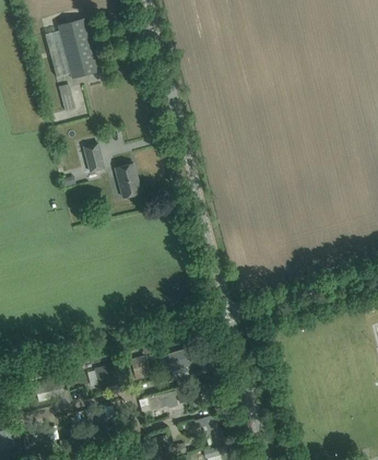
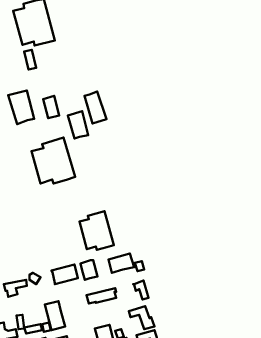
building: none -> [8,90,34,124]
building: none -> [84,91,107,123]
building: none -> [31,138,75,183]
building: none -> [80,211,114,250]

